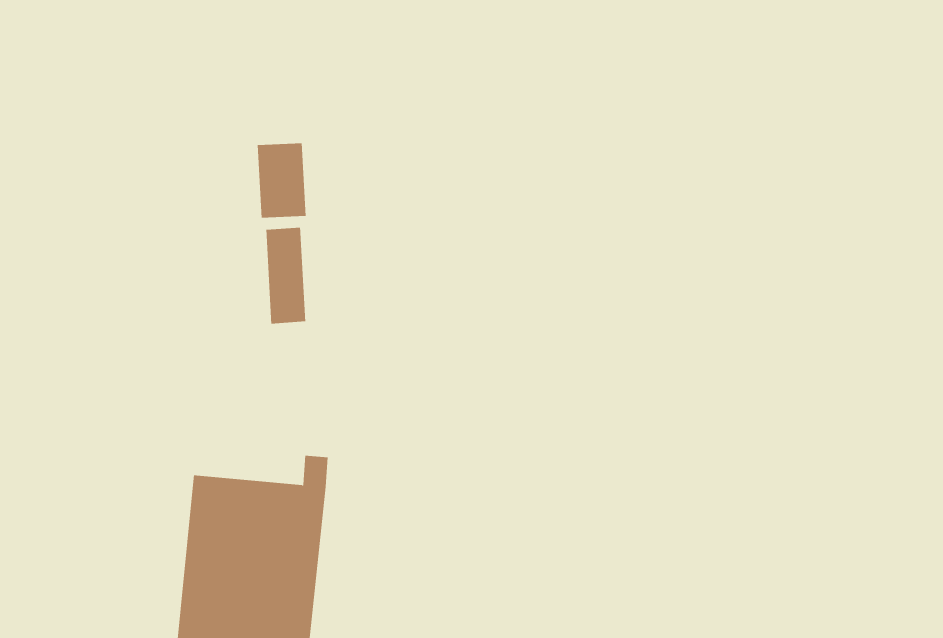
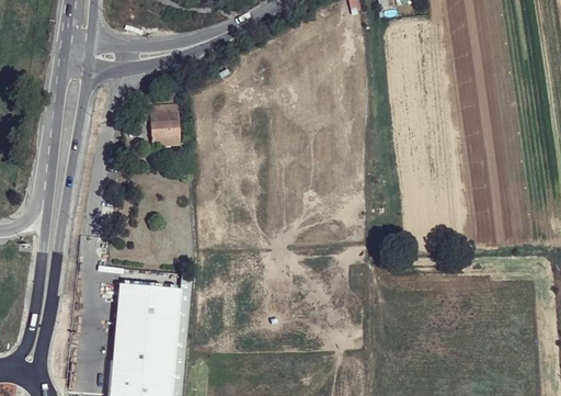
building: [266,227,306,324] -> none

